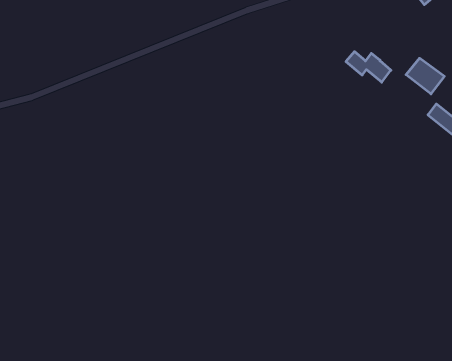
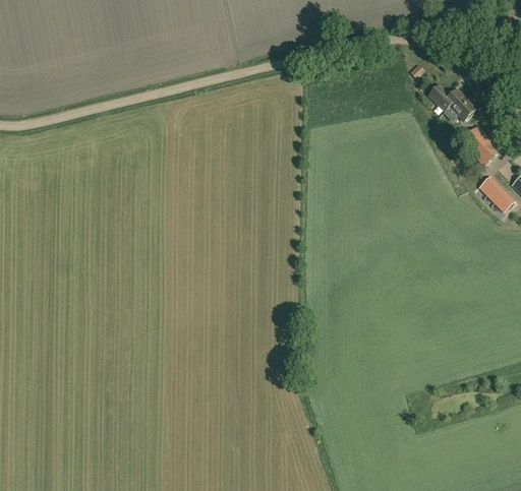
building: [346,52,391,82] -> [430,84,476,120]

